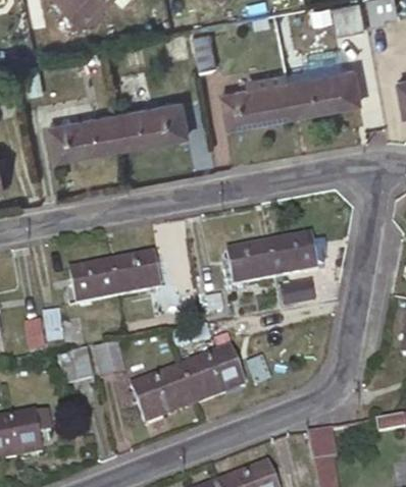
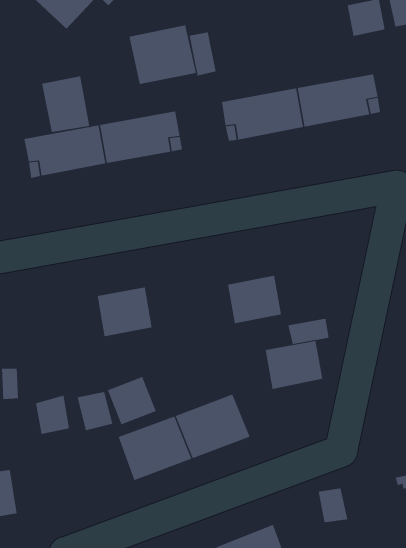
building: none -> [129,25,196,85]
building: none -> [42,75,90,133]
building: [267,234,318,277] -> [265,341,323,389]
building: [69,261,117,304] -> none
building: none -> [107,376,157,425]

